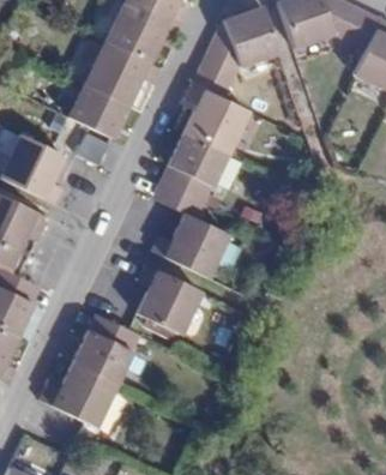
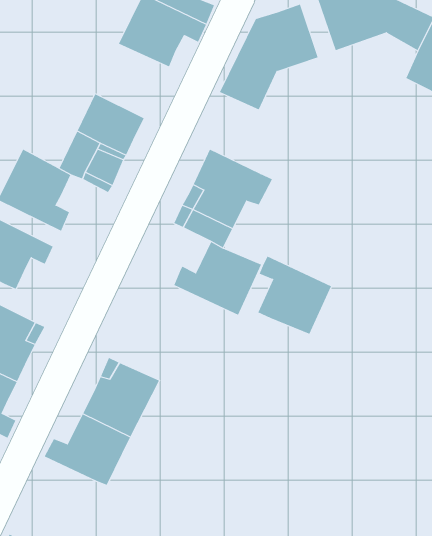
building: [84,42,159,107] -> none
building: [183,84,248,155] -> none
building: [137,265,201,333] -> [257,256,332,335]

